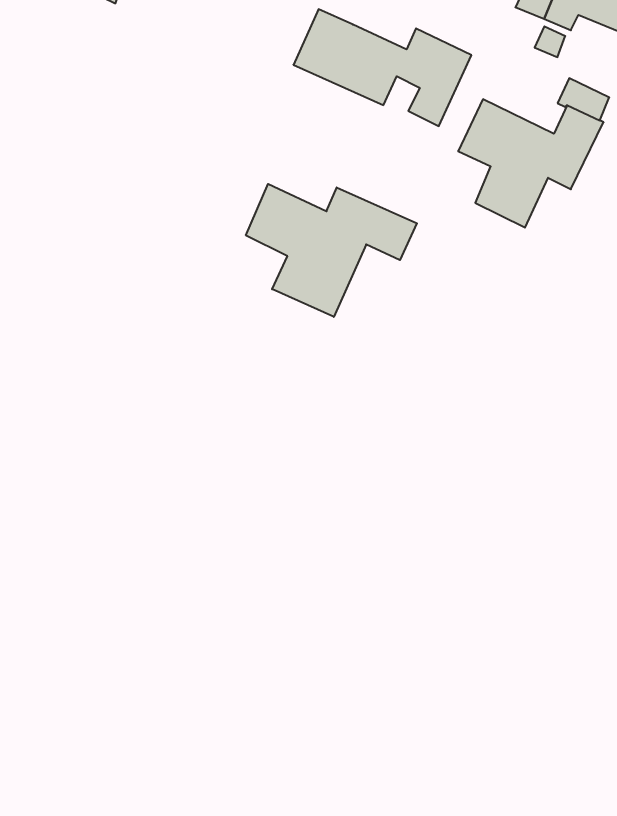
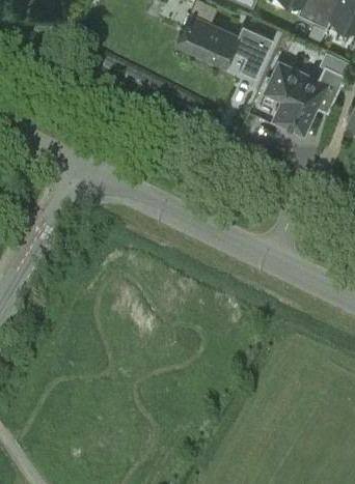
building: [246,184,417,317] -> none

